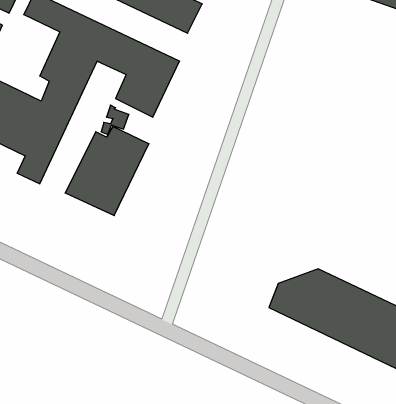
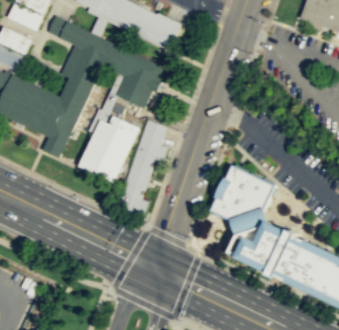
building: none -> [118,121,167,215]
building: none -> [212,166,276,222]

